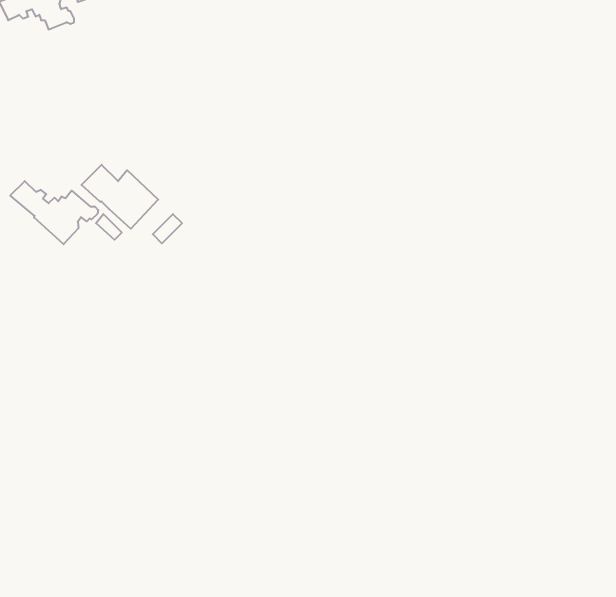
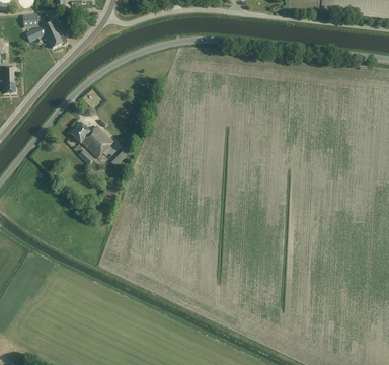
building: [10,181,98,244] -> none

